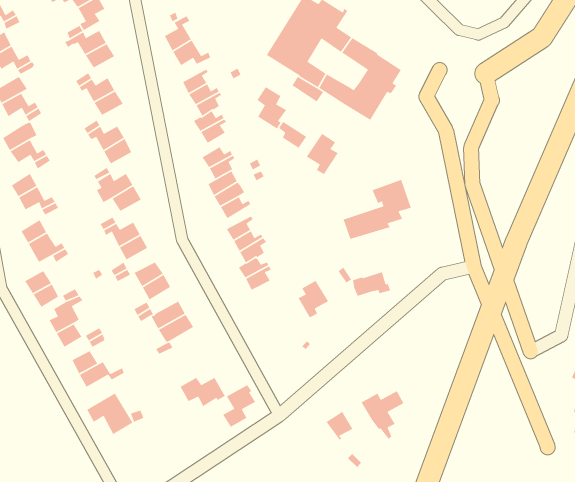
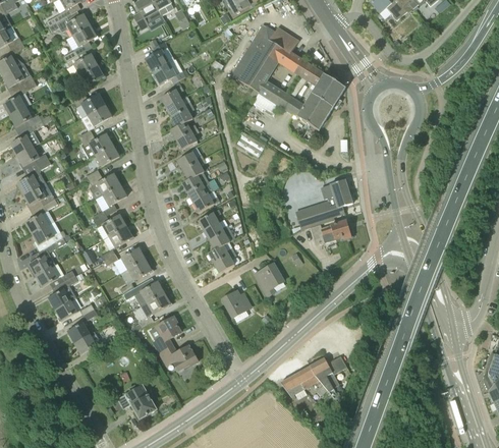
building: [256,86,287,129] -> none
building: [306,133,339,175] -> none
building: [352,271,391,297] -> [321,220,353,241]
building: none -> [222,289,251,317]
building: [222,384,256,428] -> [152,316,180,352]
building: [86,393,133,435] -> [117,383,157,418]
building: none -> [295,365,326,395]

